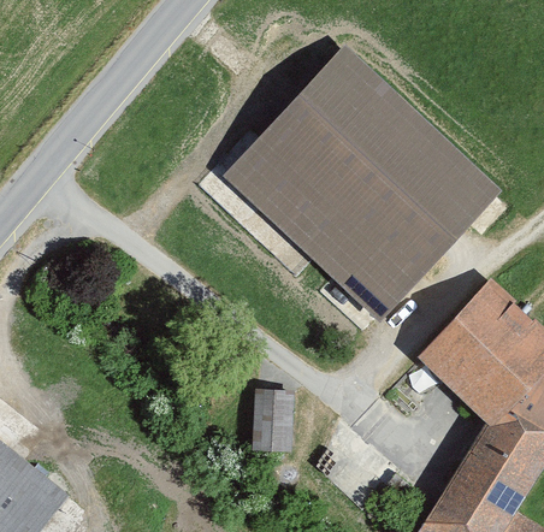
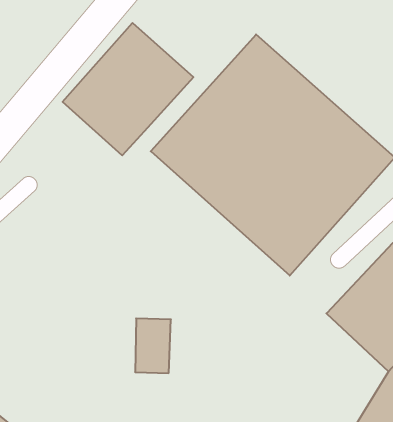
building: none -> [63,23,193,155]
building: [250,385,291,448] -> [135,318,171,373]

